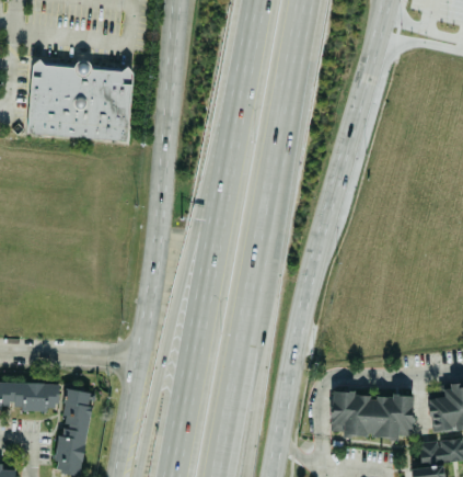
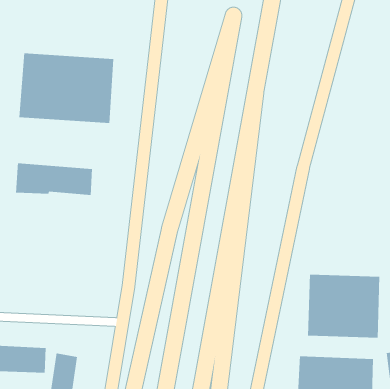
building: none -> [16,162,92,196]
building: none -> [307,274,380,339]

